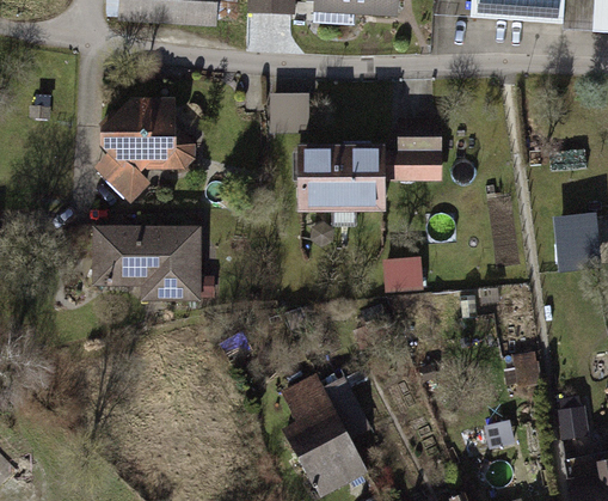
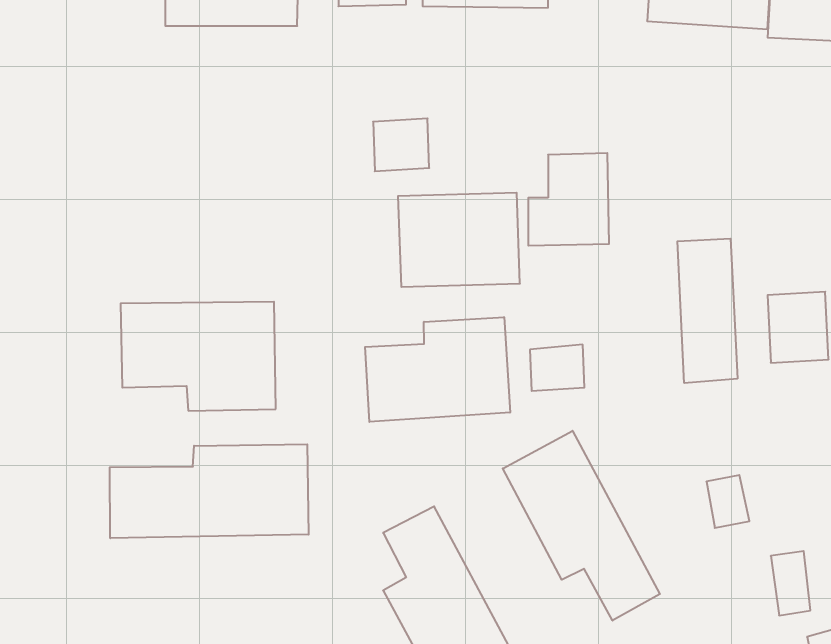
building: [93,99,197,213] -> none
building: none -> [677,239,737,383]
building: none -> [365,317,510,422]
building: none -> [503,431,660,621]
building: none -> [110,444,309,538]

